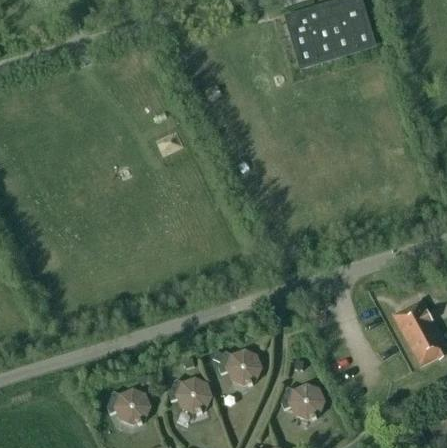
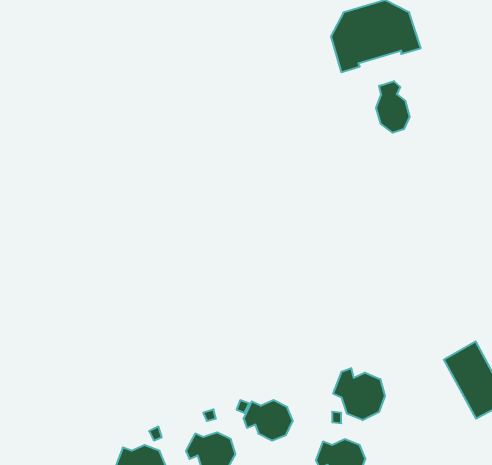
building: none -> [376,81,410,133]
building: none -> [333,368,385,420]

